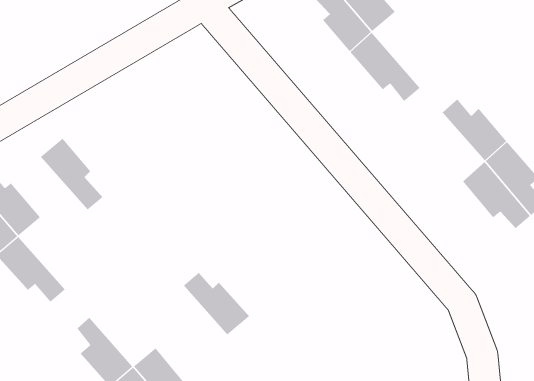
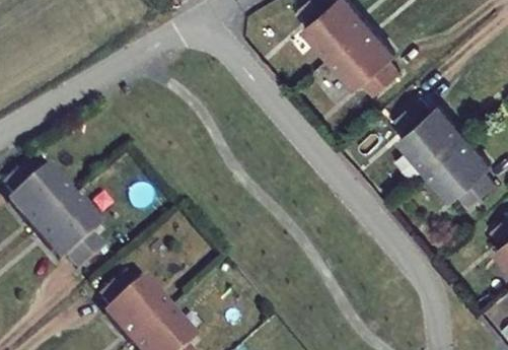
building: none -> [352,21,407,86]
building: none -> [397,108,448,166]
building: [40,138,103,210] -> [50,197,103,259]
building: [183,272,250,335] -> [111,271,167,325]

